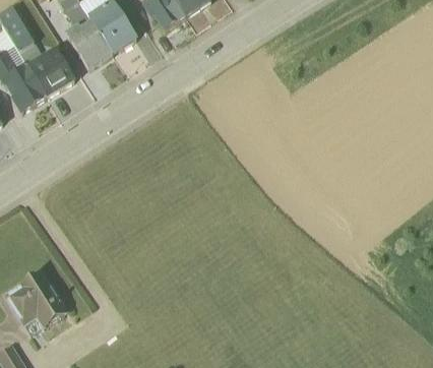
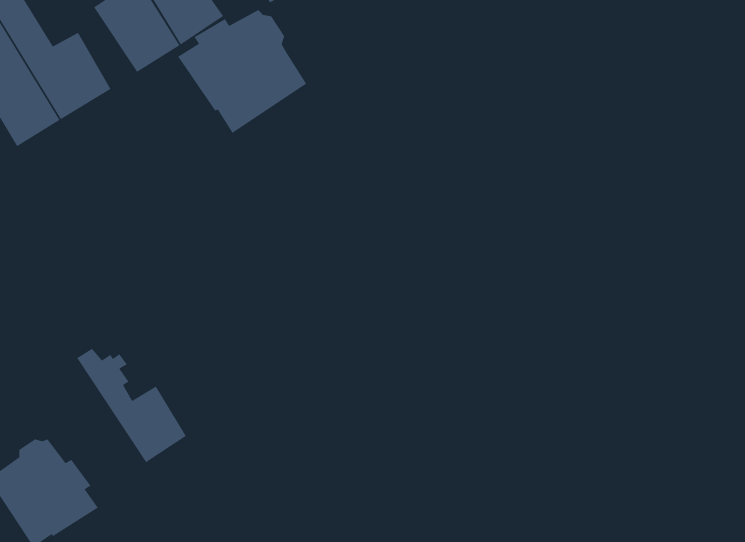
building: none -> [177,9,307,134]
building: none -> [76,348,187,463]

